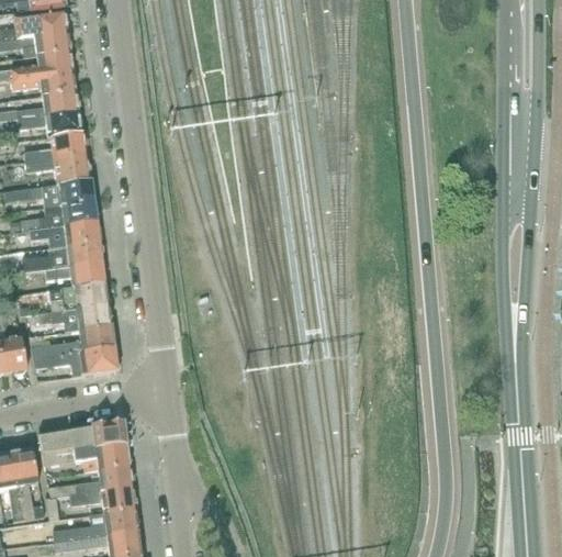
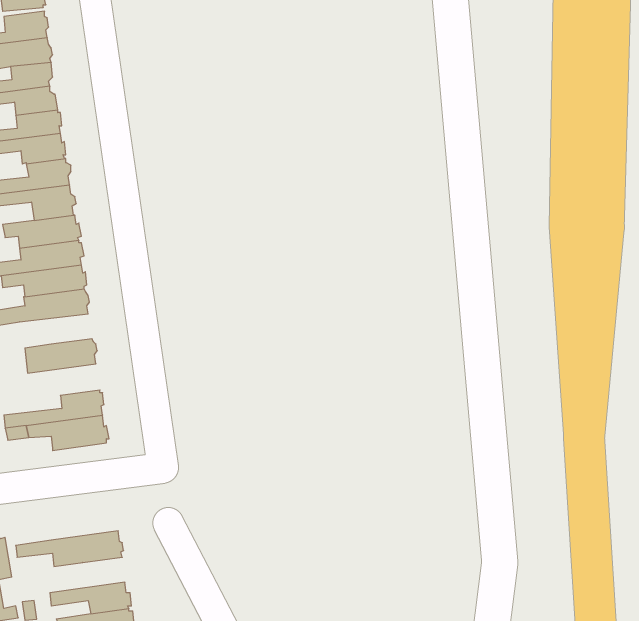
building: [44,263,105,288] -> none
building: [37,304,112,331] -> none
building: [37,422,126,456] -> none
building: [48,466,134,498] -> none

